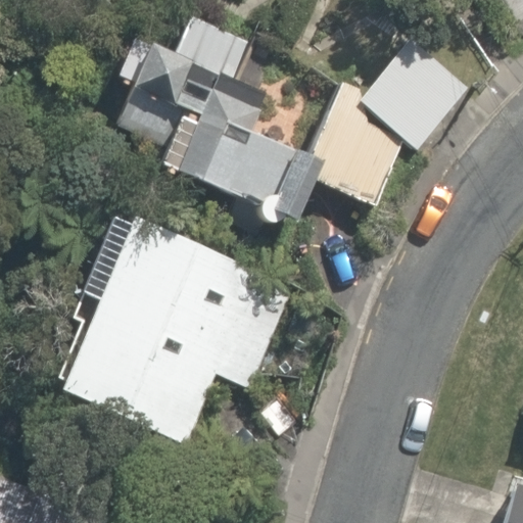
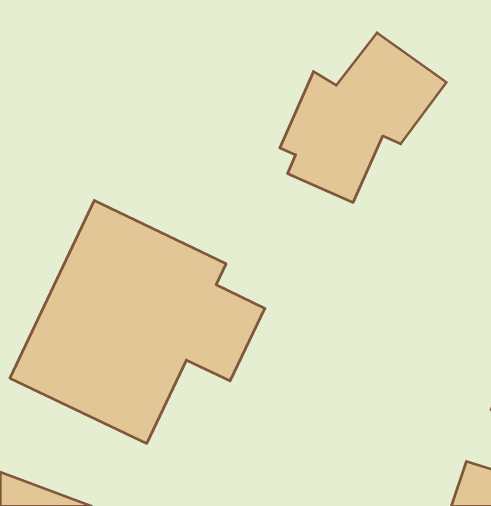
building: [106,5,291,217] -> none

